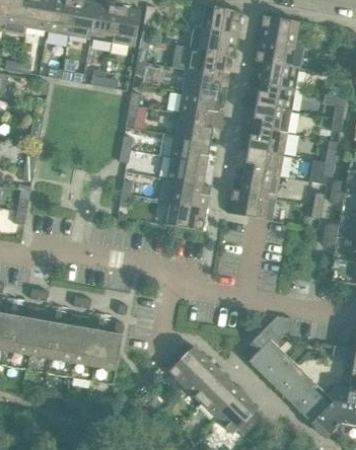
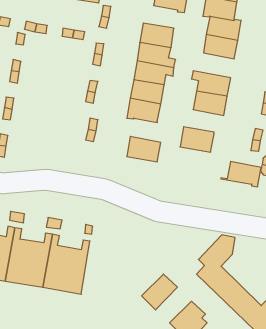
building: [186,46,225,74] -> none
building: [243,102,291,132] -> none
building: [232,168,279,198] -> [221,161,261,187]
building: [170,178,210,207] -> none
building: [165,342,209,385] -> none
building: [200,375,241,417] -> none

